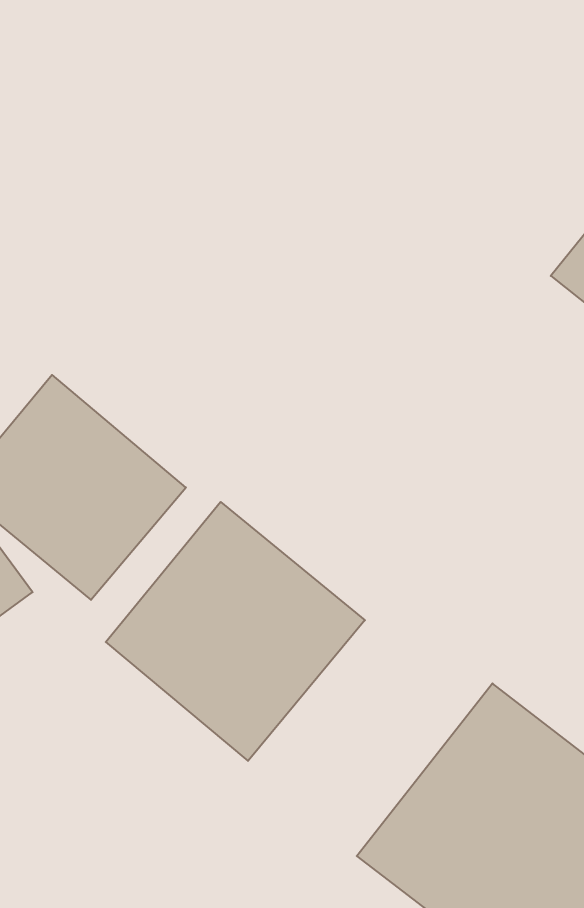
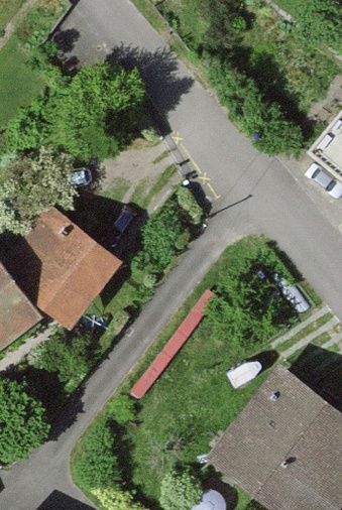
building: [106,502,365,761] -> none

